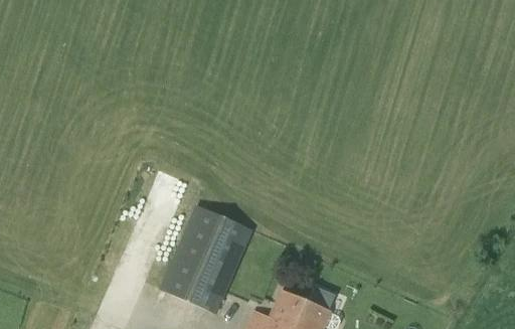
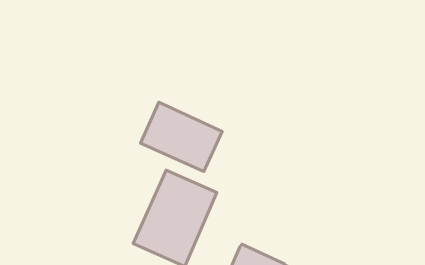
building: none -> [141,102,222,171]

